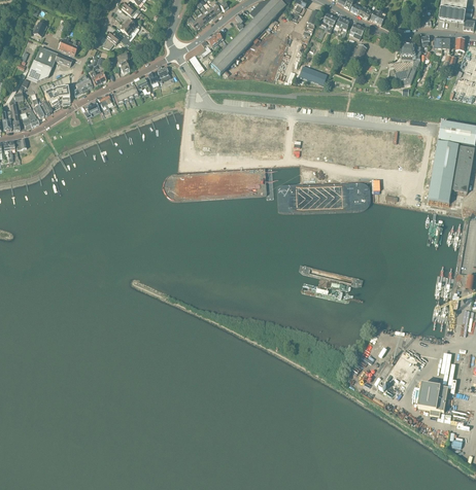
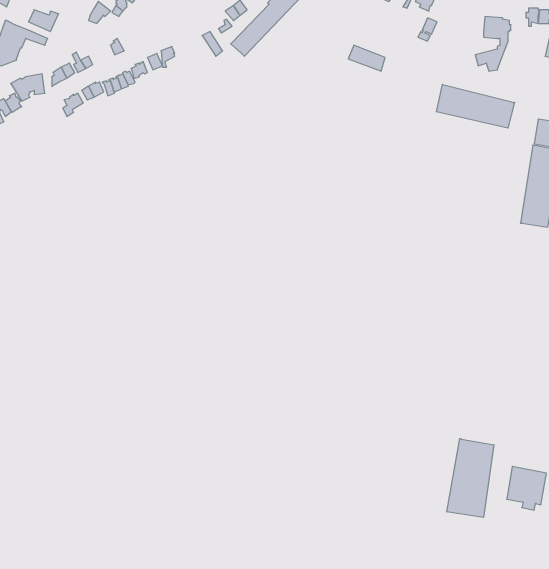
building: none -> [436,84,515,128]
building: none -> [447,439,494,517]

